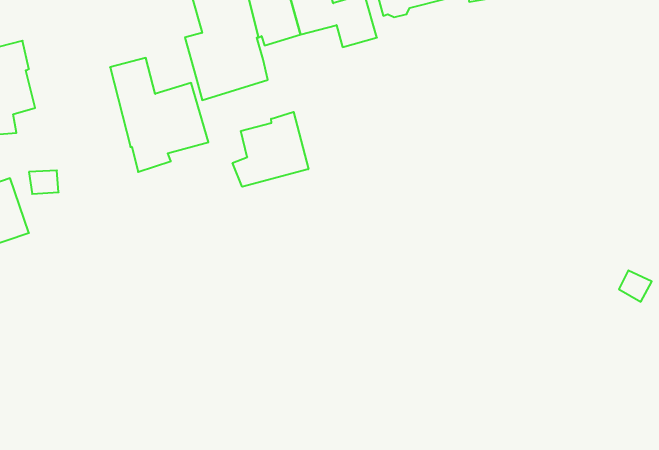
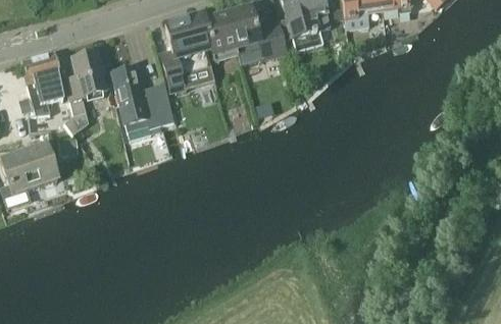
building: none -> [64,51,105,133]
building: [233,112,308,187] -> none

